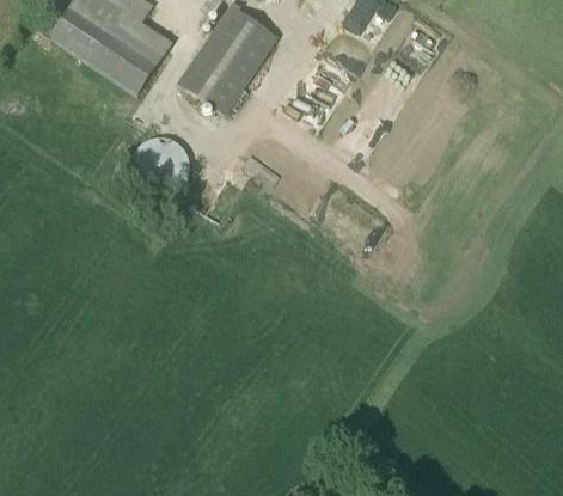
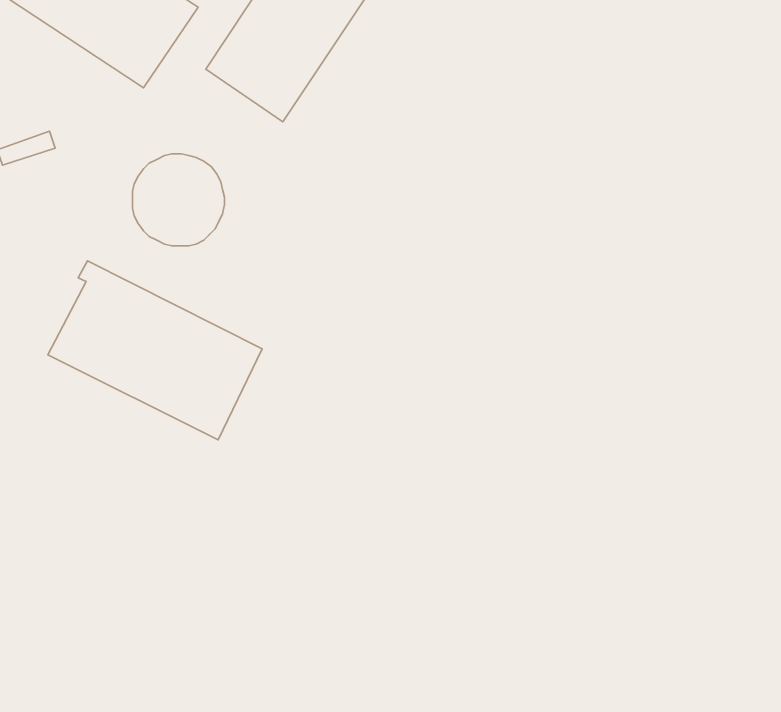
building: none -> [48,261,262,440]

